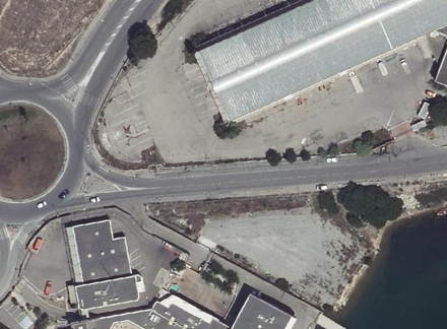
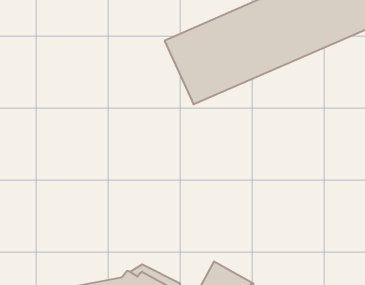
building: [71,218,141,310] -> none

